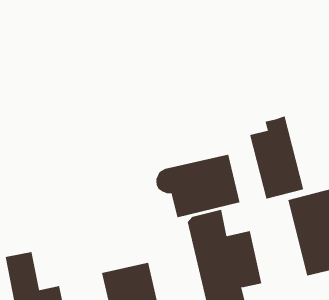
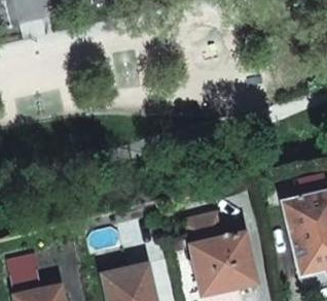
building: [249,115,304,200] -> none
building: [156,154,240,218] -> none

